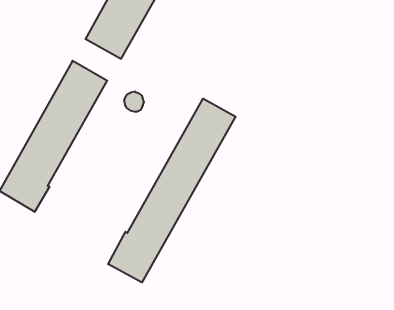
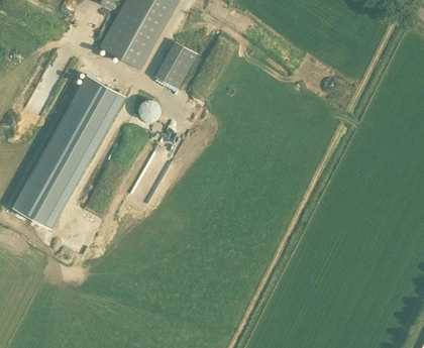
building: none -> [153,44,197,93]
building: [108,99,236,282] -> none

